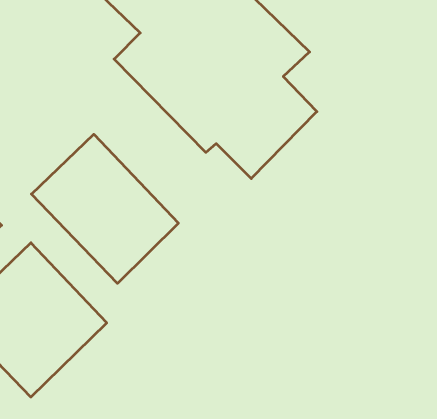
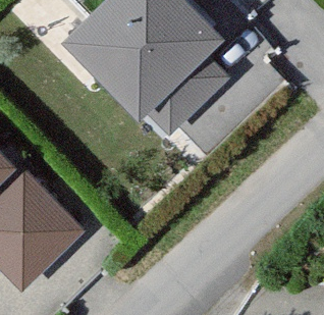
building: [31,134,178,283] -> none

